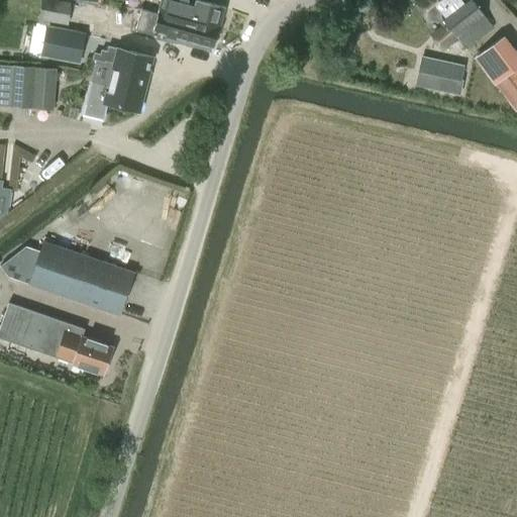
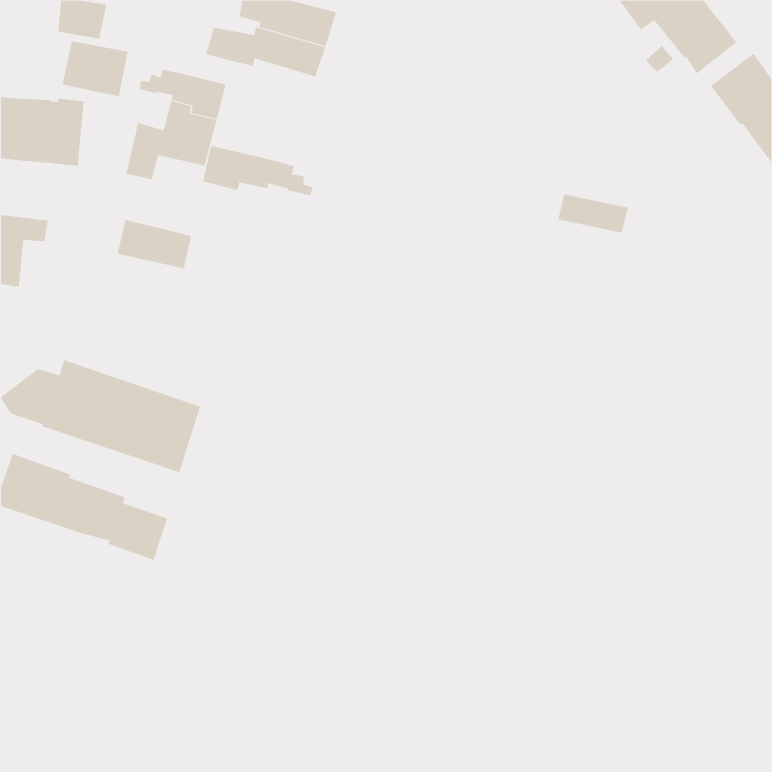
building: [418,57,466,83] -> [558,194,629,233]
building: none -> [203,145,313,196]
building: none -> [117,219,192,269]

